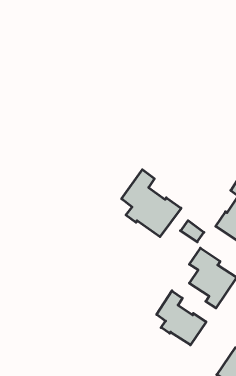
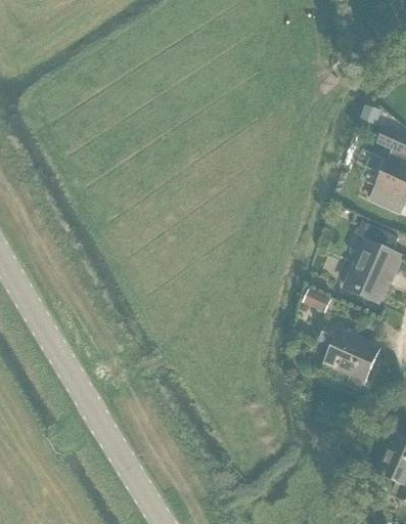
building: [122,170,181,237] -> none
building: [157,291,206,345] -> none

